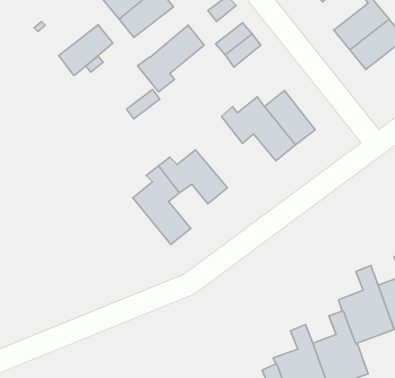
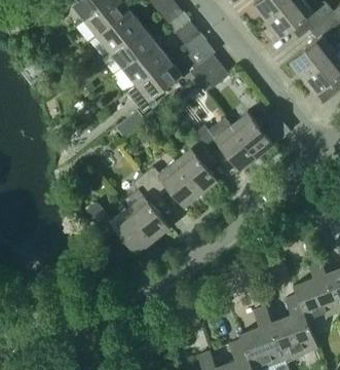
building: [59,25,113,75] -> [122,42,167,84]
building: none -> [174,134,217,193]
building: none -> [86,202,153,254]

